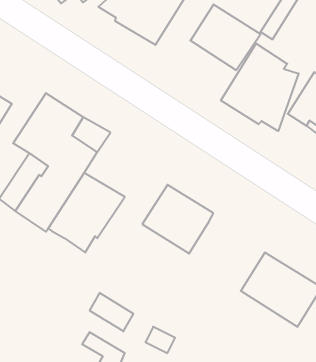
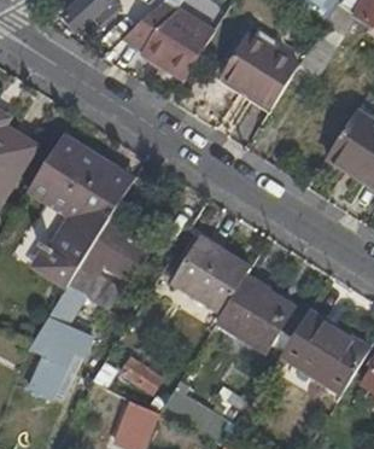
building: [221,43,299,131] -> none
building: none -> [215,275,292,350]
building: none -> [25,285,89,395]

